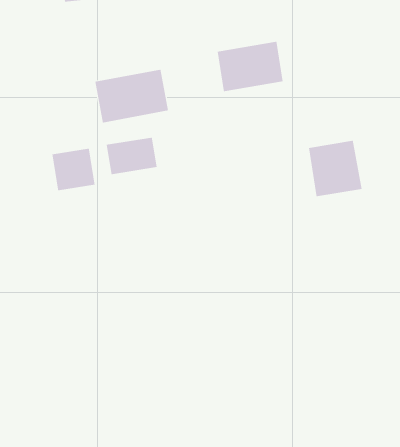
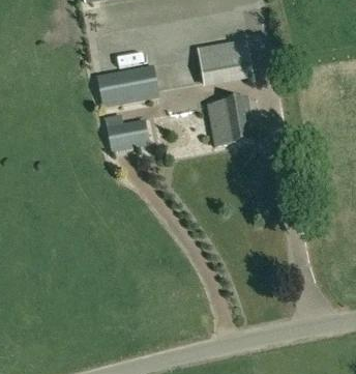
building: [308,140,362,197] -> [209,94,254,141]
building: [52,148,95,191] -> none

